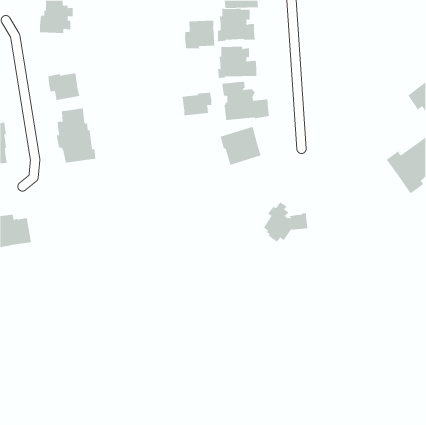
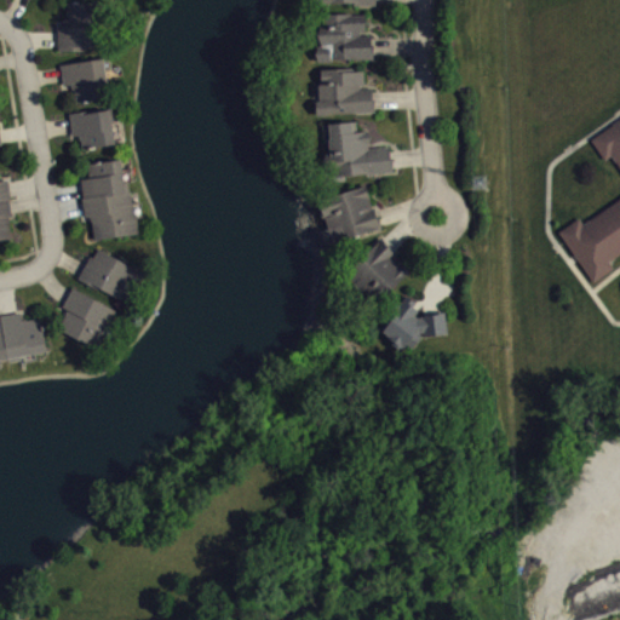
building: [185,20,215,49] -> none
building: none -> [59,57,110,102]
building: [182,92,212,116] -> none
building: none -> [344,239,409,306]
building: none -> [79,248,145,299]
building: none -> [58,287,116,348]

